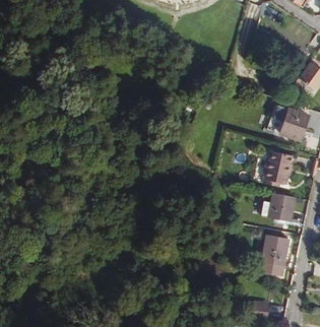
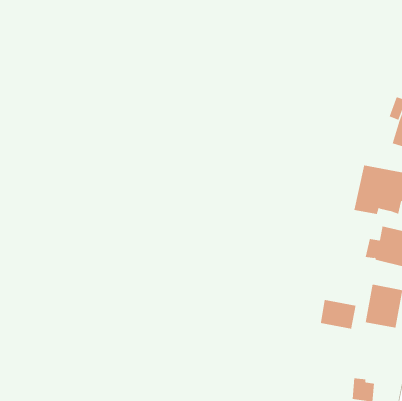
building: none -> [320,299,356,329]

